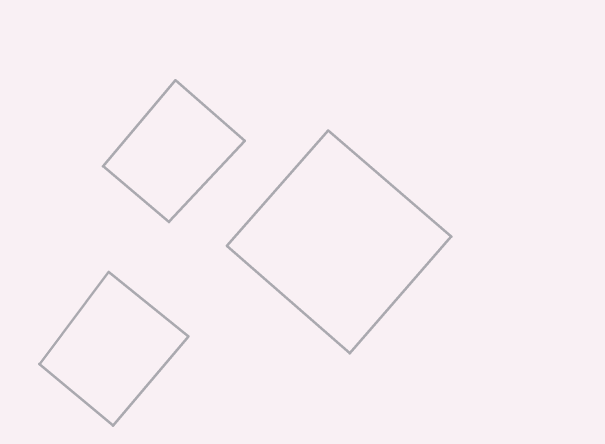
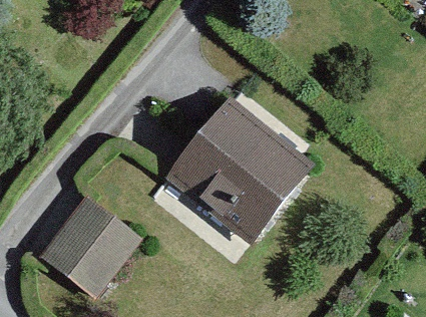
building: [103,80,245,222] -> none

